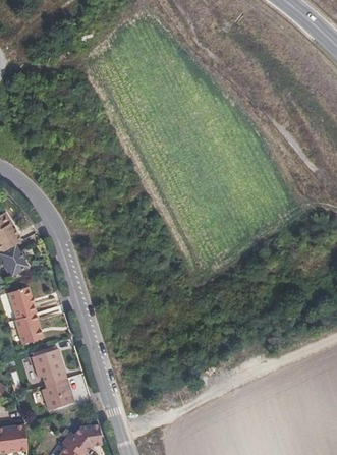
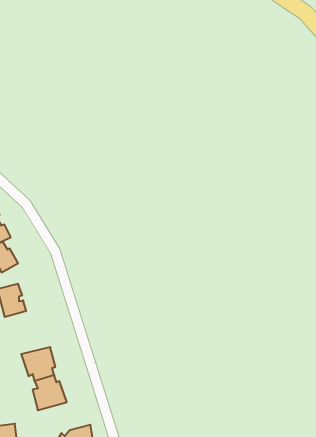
building: [14,312,42,345] -> none

